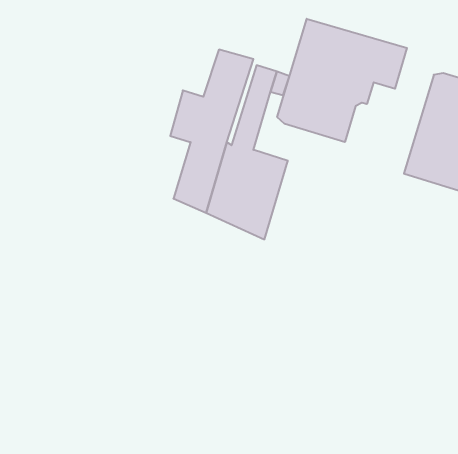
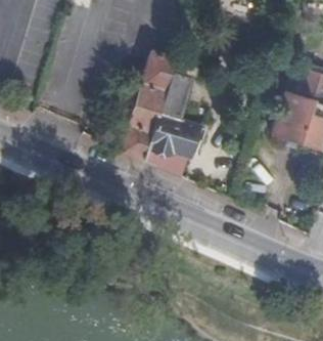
building: [277,19,407,142] -> none

